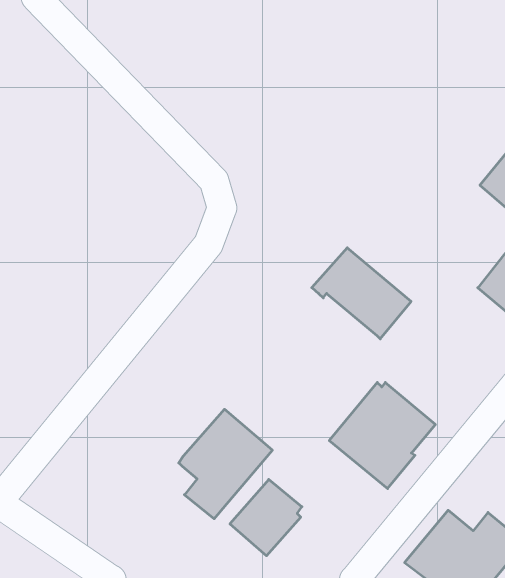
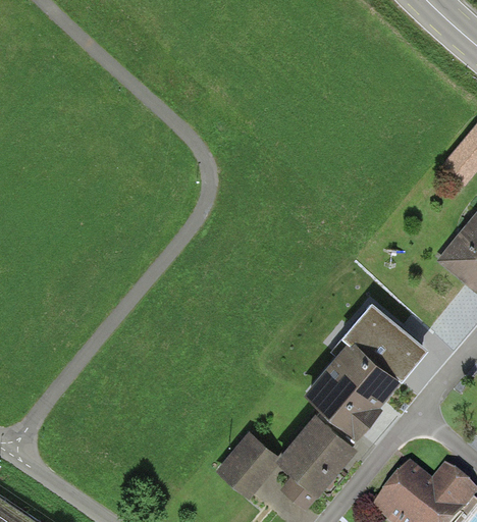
building: [312,248,411,339] -> [340,304,429,385]
building: [179,409,272,519] -> [275,414,359,512]

